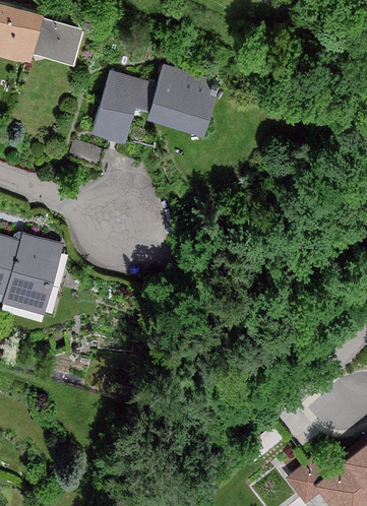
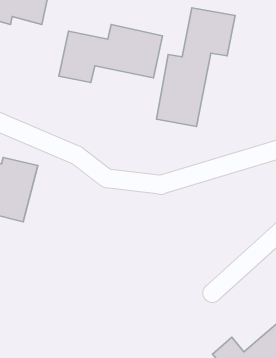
building: none -> [156,8,235,127]

